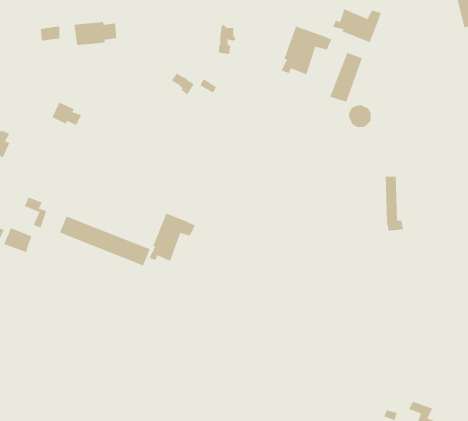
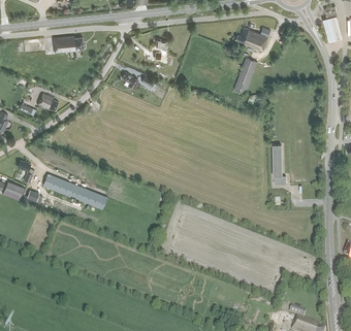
building: [280,25,333,76] -> none
building: [148,213,196,262] -> none

